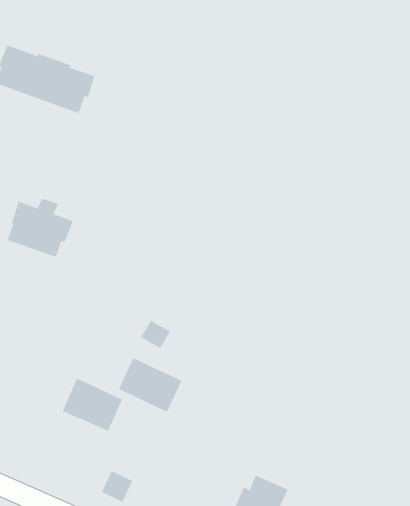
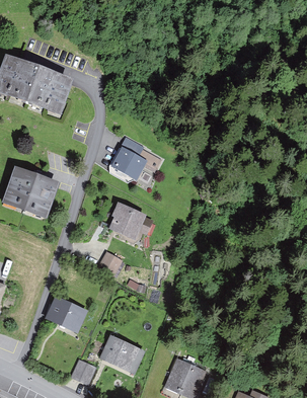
building: none -> [110,150,158,180]
building: none -> [106,206,152,240]
building: [118,357,182,413] -> [99,334,144,373]

